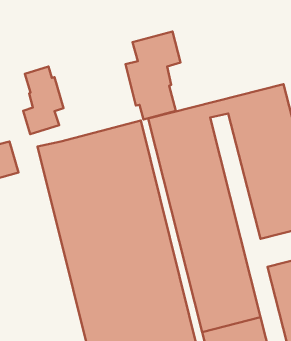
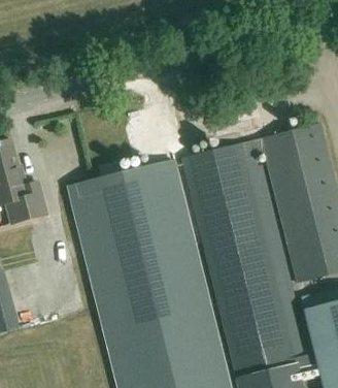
building: [125,32,181,120] -> none
building: [23,66,64,134] -> none

